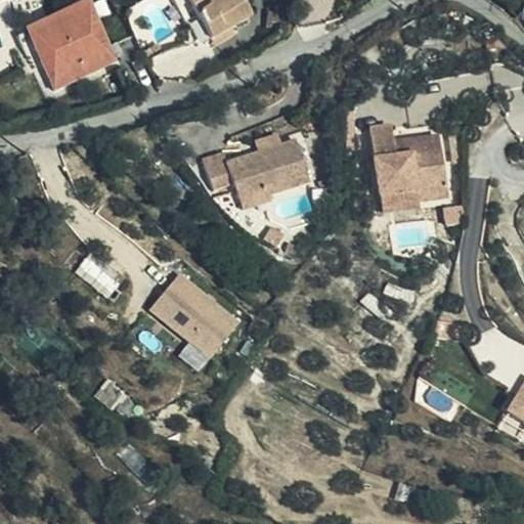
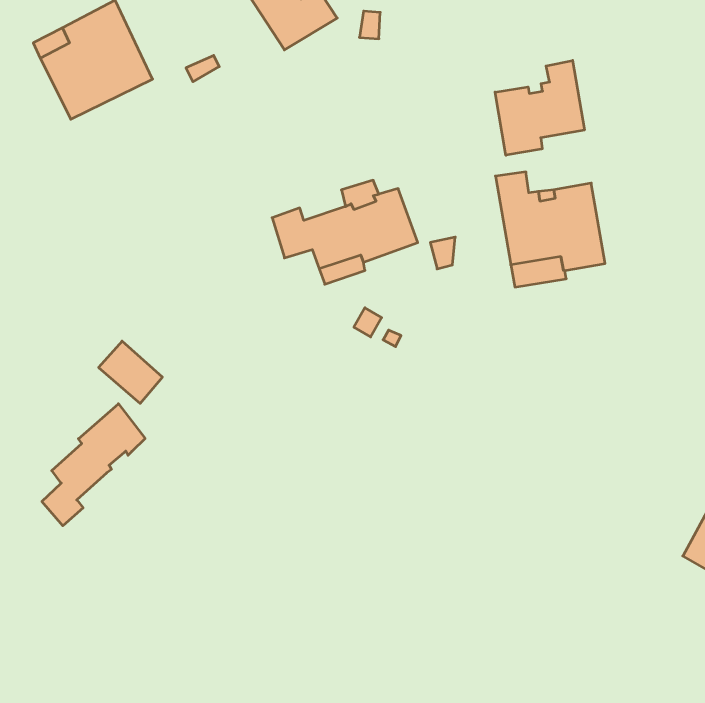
building: none -> [495,60,584,155]
building: [149,273,238,358] -> none
building: none -> [42,404,145,526]

